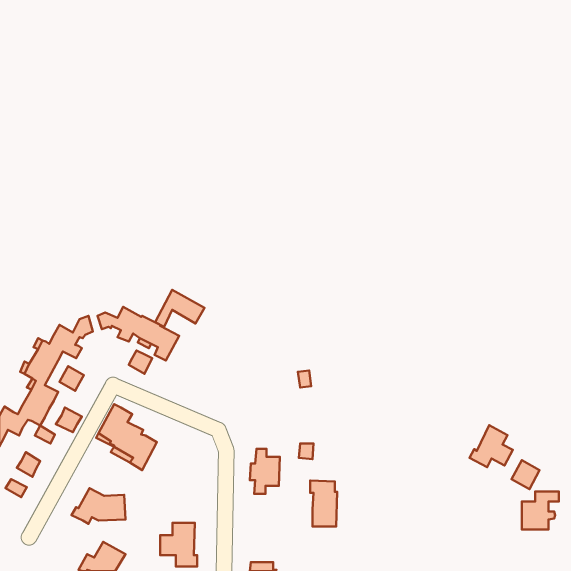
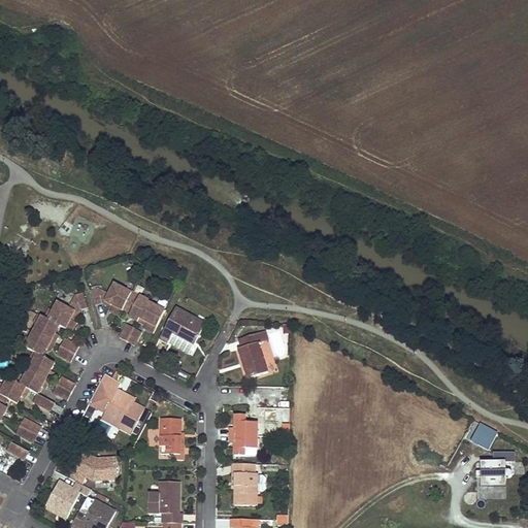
building: [155,290,205,327] -> [160,306,205,340]
building: none -> [238,331,268,376]
building: [469,425,513,467] -> none
building: none -> [160,418,184,453]
building: [310,481,337,526] -> [232,462,257,504]
building: none -> [45,480,92,516]

